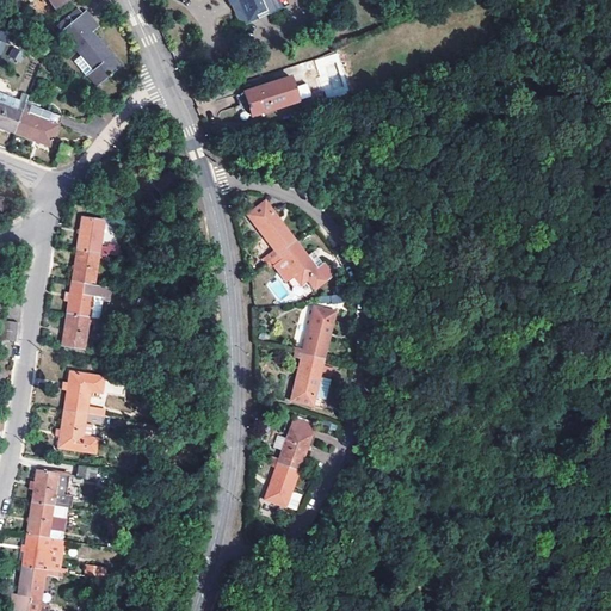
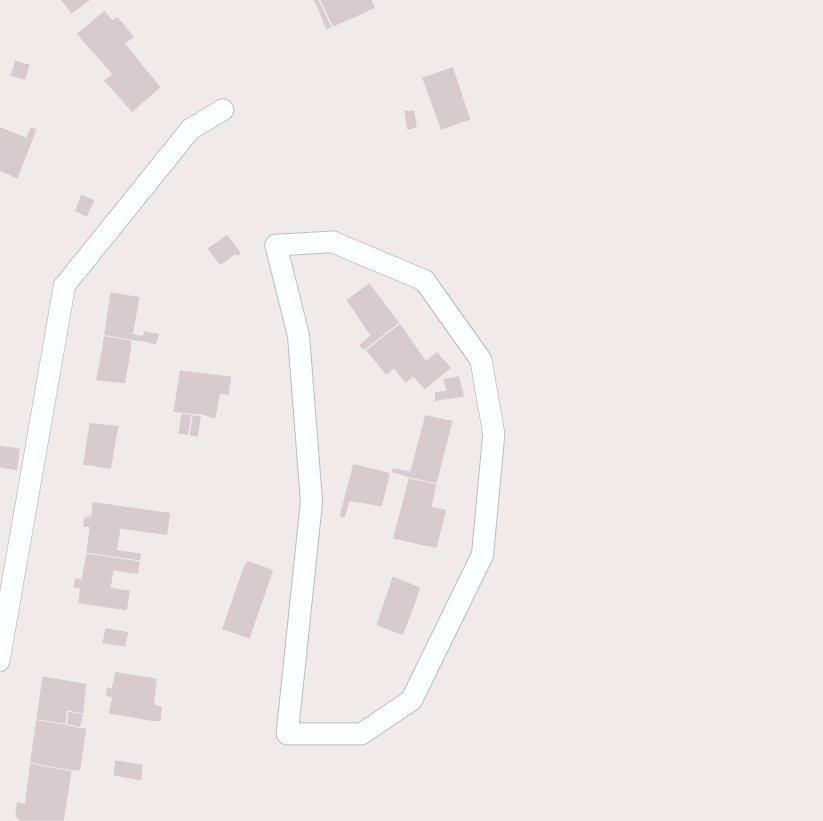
building: [243,76,298,116] -> none
building: [13,103,61,146] -> none
building: [66,282,110,317] -> [173,370,232,419]
building: none -> [340,463,391,519]
building: [259,463,298,521] -> [221,560,274,639]
building: [29,469,72,506] -> [105,672,163,722]

